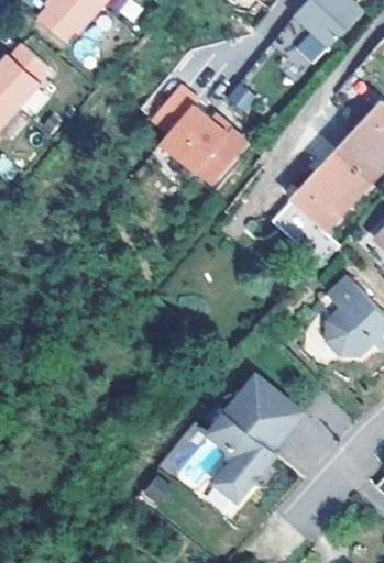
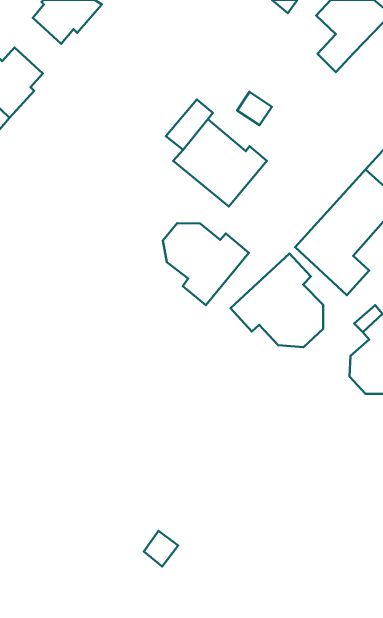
building: none -> [163,223,249,305]
building: none -> [230,253,323,347]
building: [208,373,303,497] -> none

